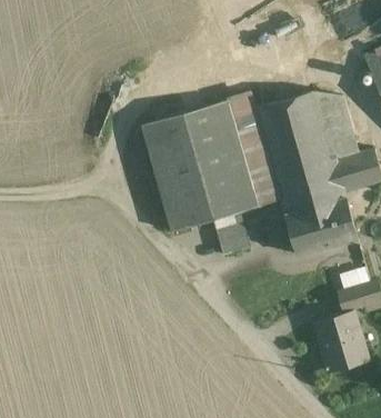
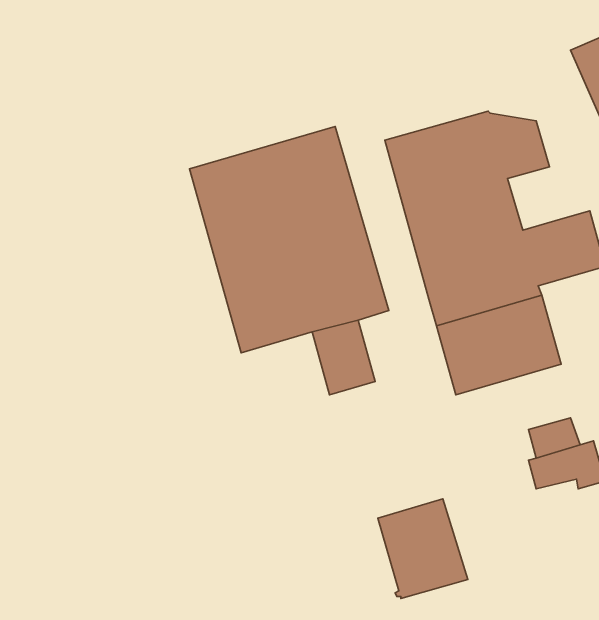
building: [227,93,281,207] -> none
building: [327,123,359,160] -> none
building: [315,312,368,370] -> [378,499,468,599]

